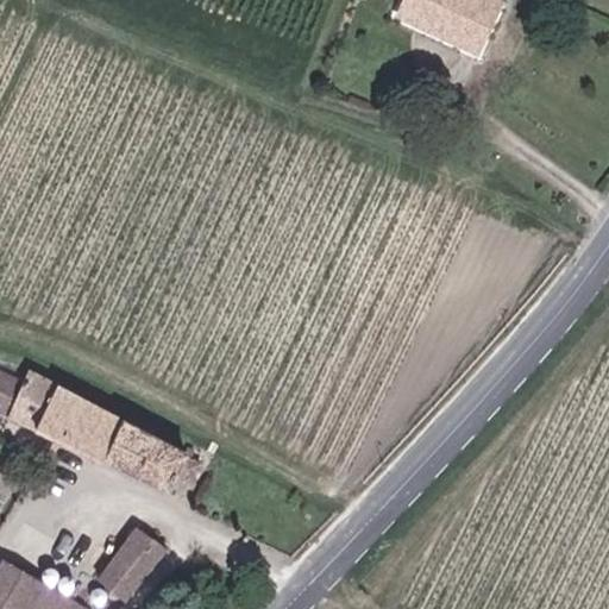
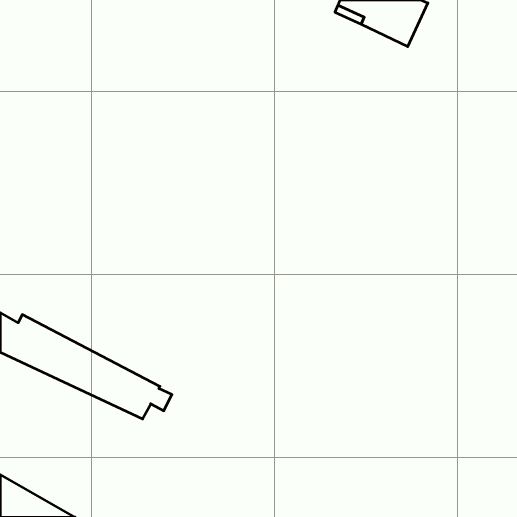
building: [96,526,169,602] -> none

